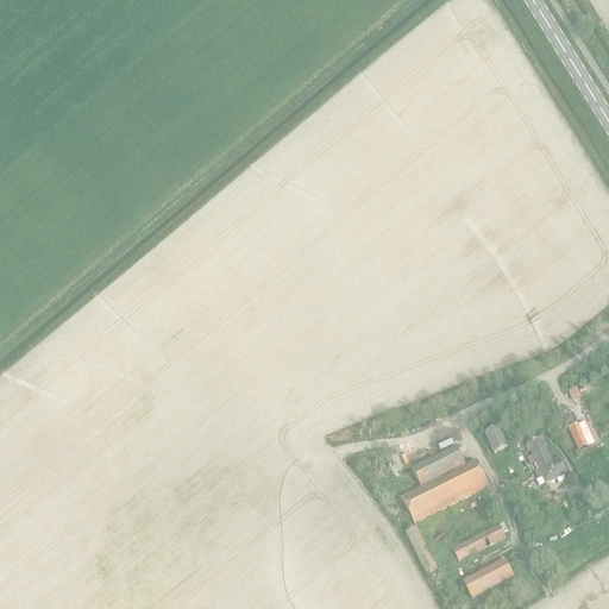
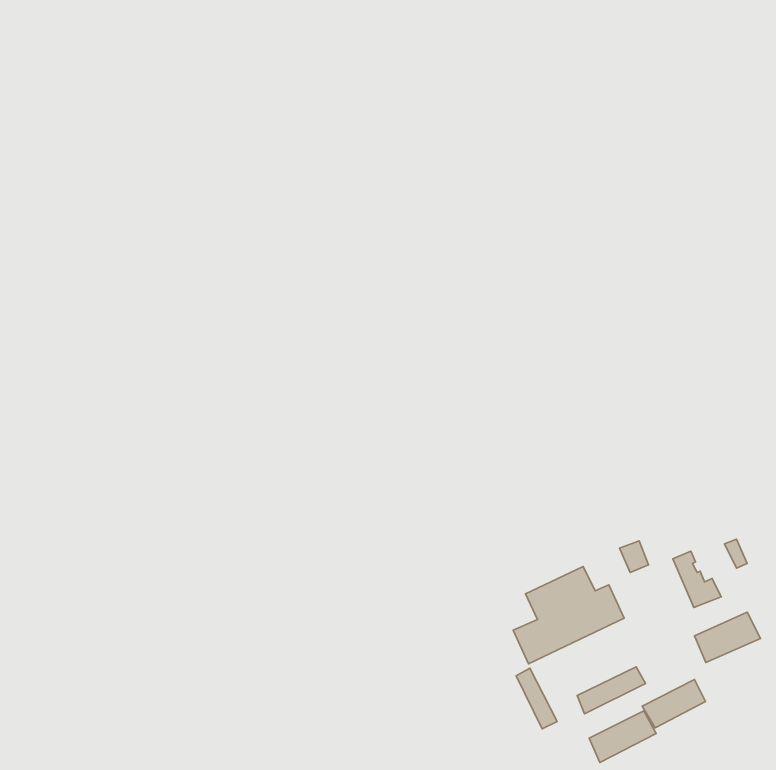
building: none -> [695,612,760,662]
building: none -> [642,679,705,728]

